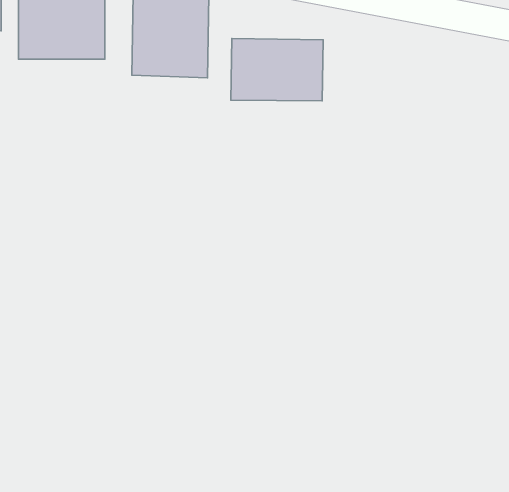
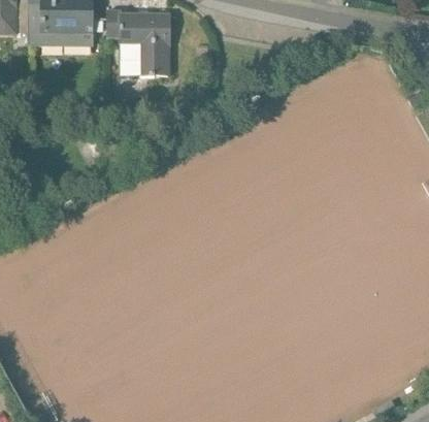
building: [231,39,323,101] -> none

